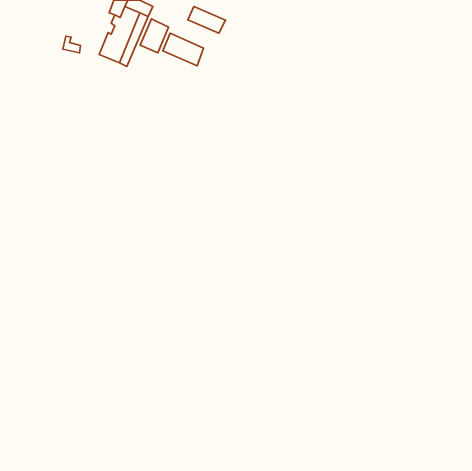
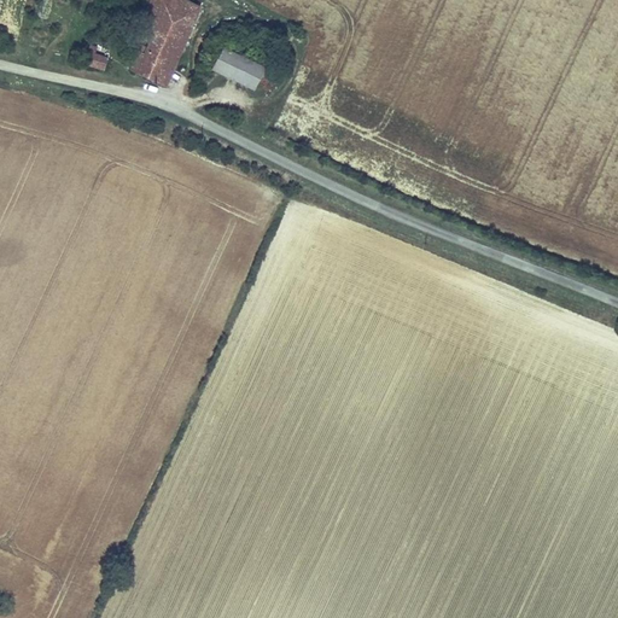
building: [188,7,225,33] -> none
building: [140,19,169,53] -> none

